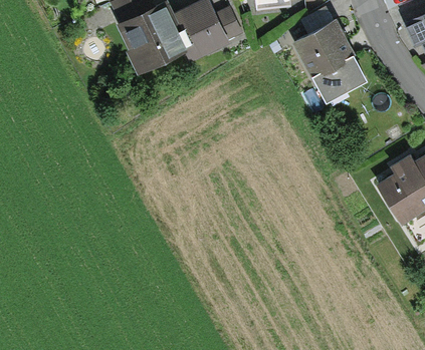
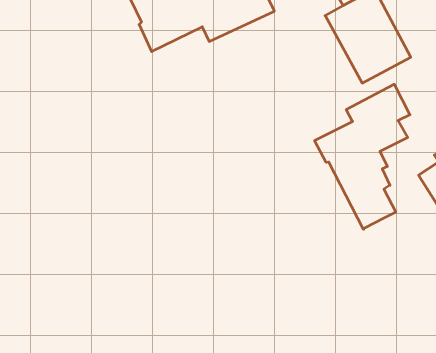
building: none -> [315,84,410,229]

